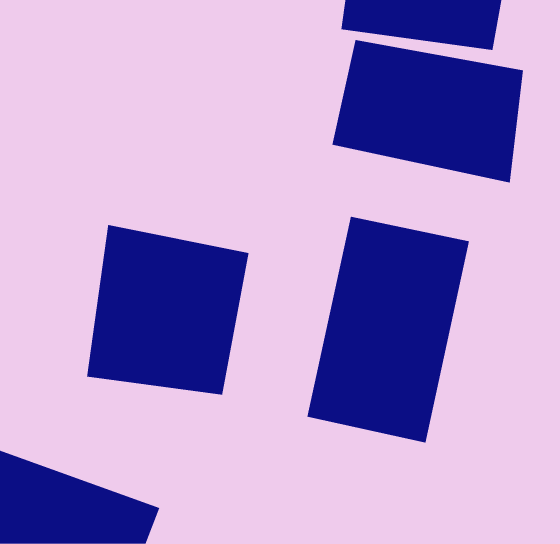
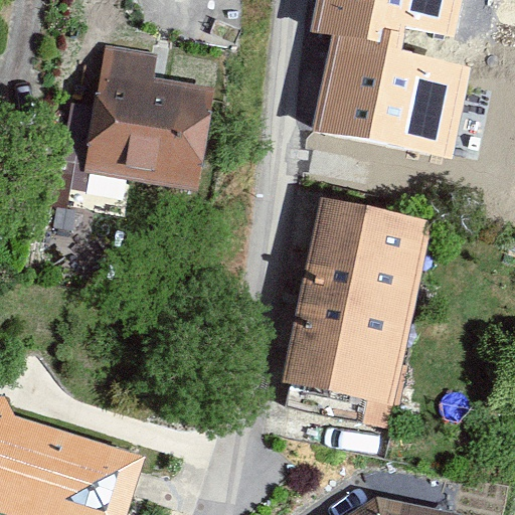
building: none -> [89,40,206,180]
building: [87,224,249,395] -> none

